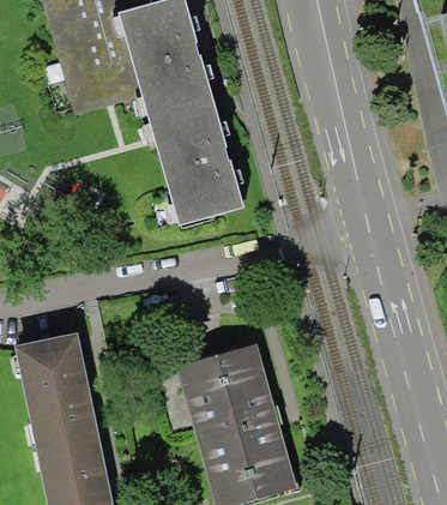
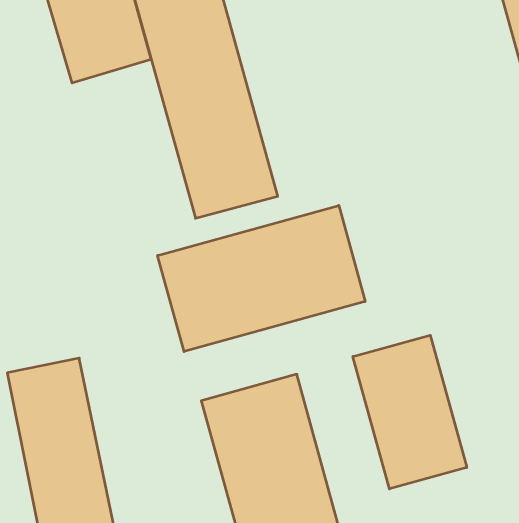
building: none -> [158,205,365,352]
building: none -> [353,335,467,489]

